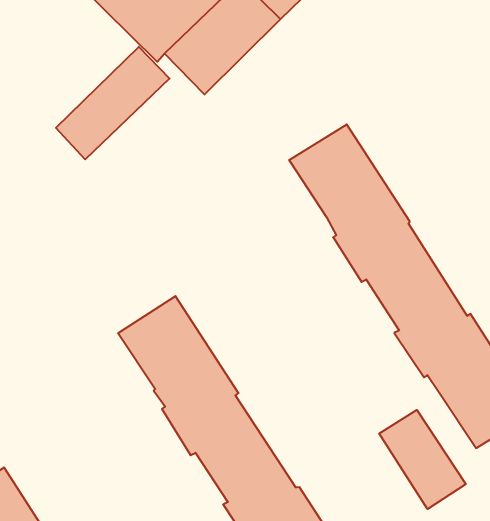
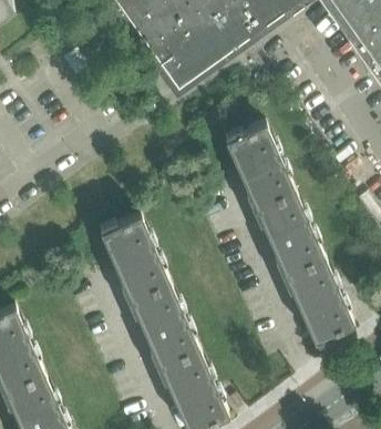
building: [56,47,170,159] -> none
building: [379,410,466,509] -> none

